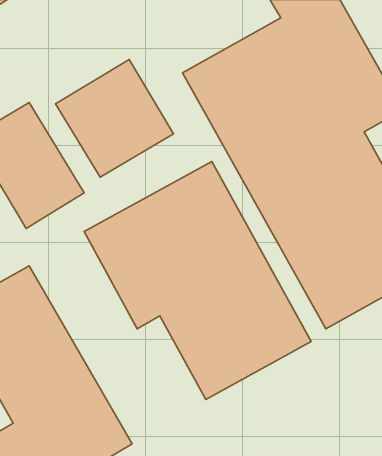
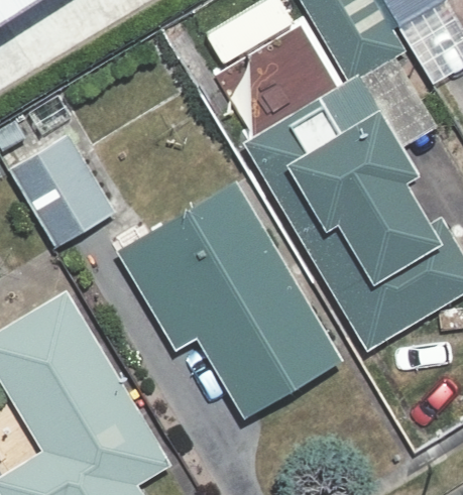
building: [56,60,173,177] -> none

